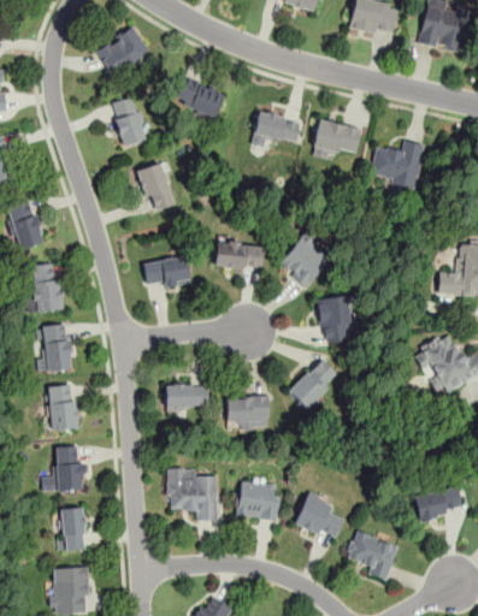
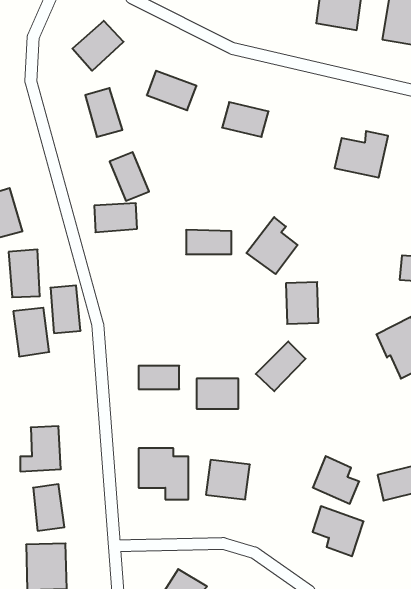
building: [312,118,362,159] -> none
building: [146,257,190,288] -> [94,203,137,232]
building: [48,383,79,432] -> [50,285,81,333]
building: [295,491,343,540] -> [313,456,359,504]

